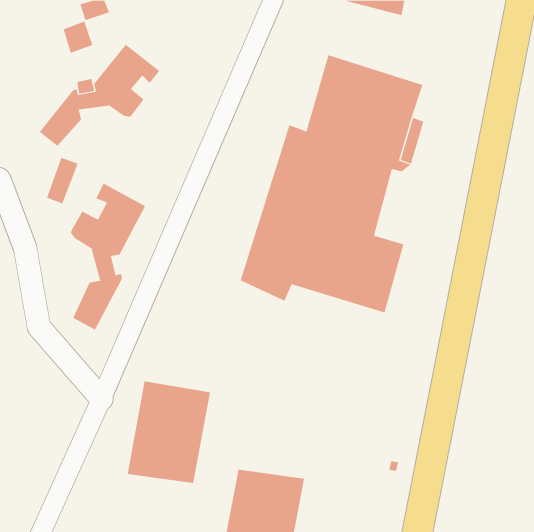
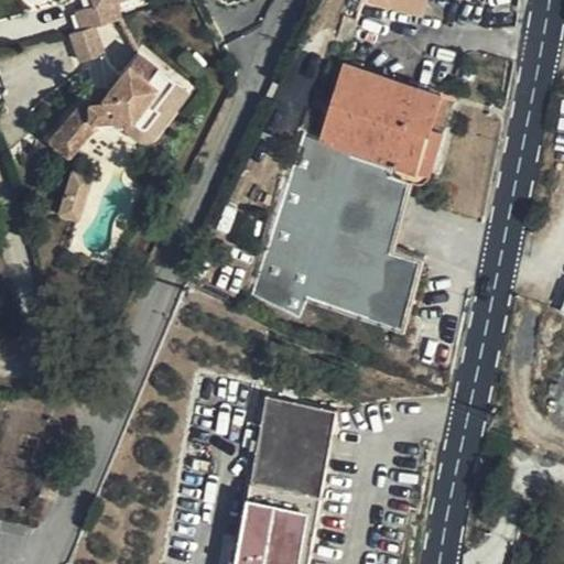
building: none -> [84,78,181,137]
building: [71,183,146,331] -> none
building: [127,381,211,483] -> [250,399,338,507]

